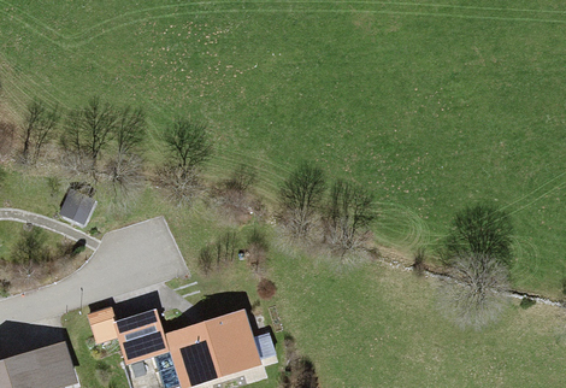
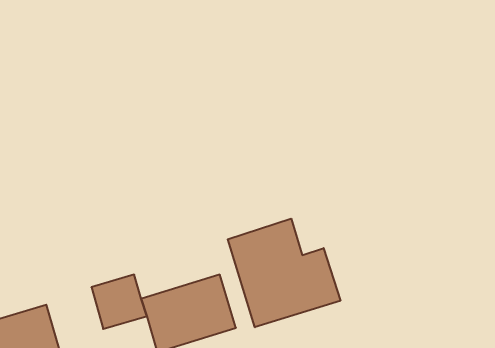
building: none -> [228,219,340,327]

